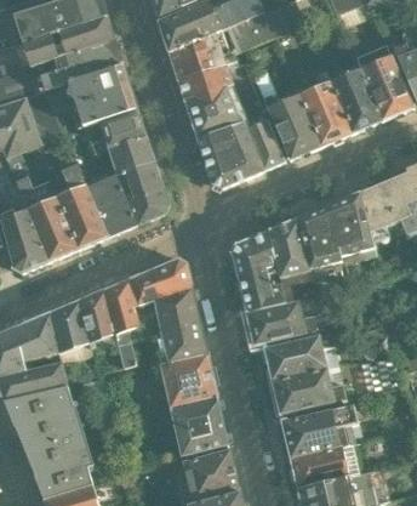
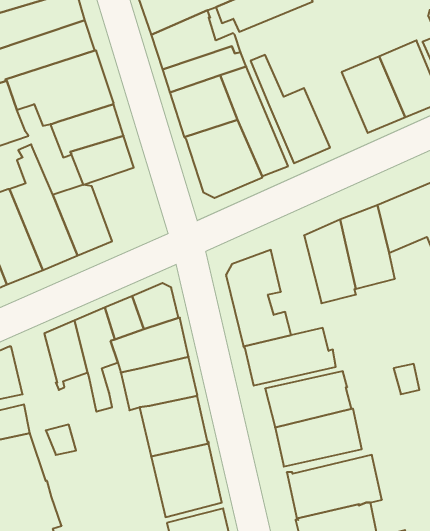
building: [296,81,349,144] -> none
building: [110,161,167,223] -> none
building: [268,218,310,284] -> none
building: [50,301,91,360] -> none

